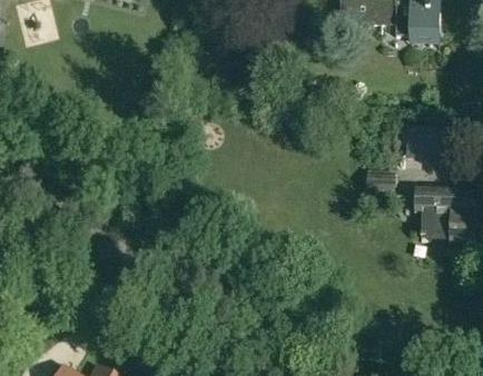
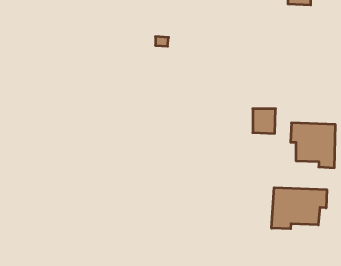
building: none -> [272,188,327,229]

